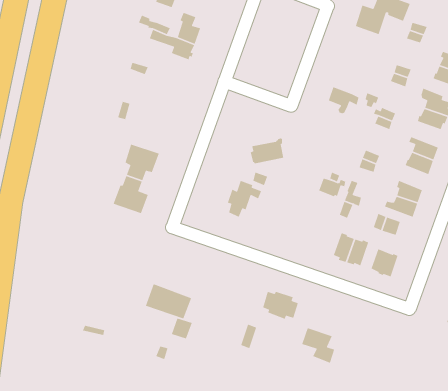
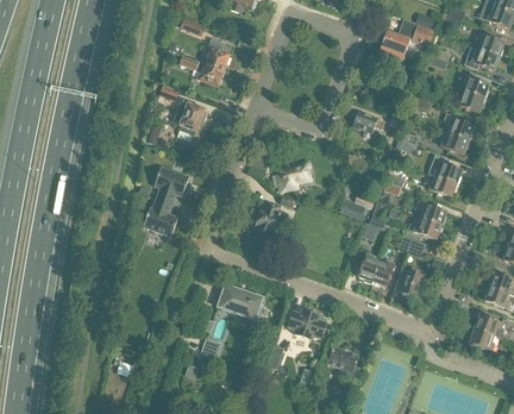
building: none -> [174,101,205,134]
building: [145,283,192,320] -> [218,283,264,319]

